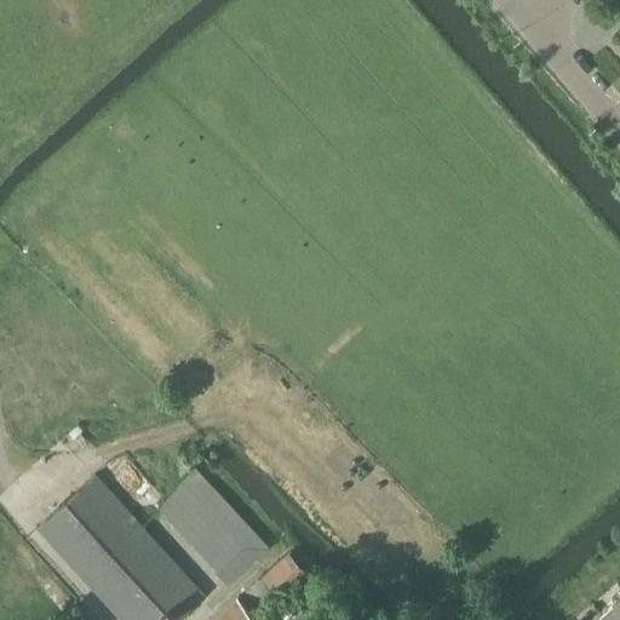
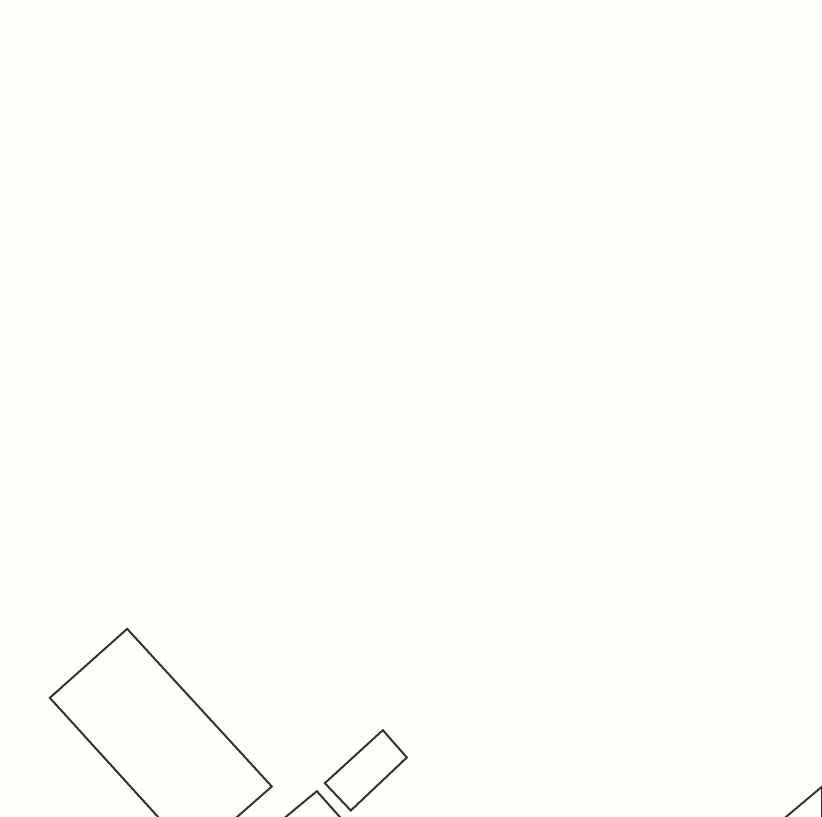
building: [159,469,268,586] -> none

